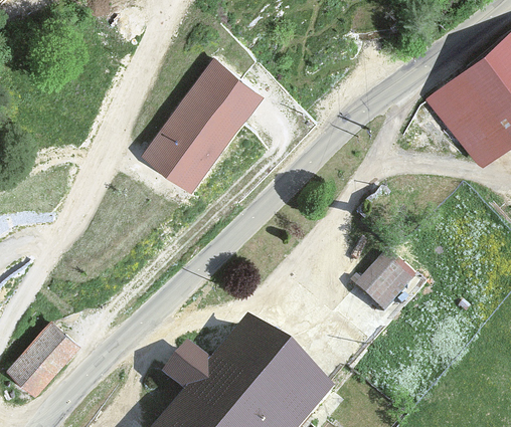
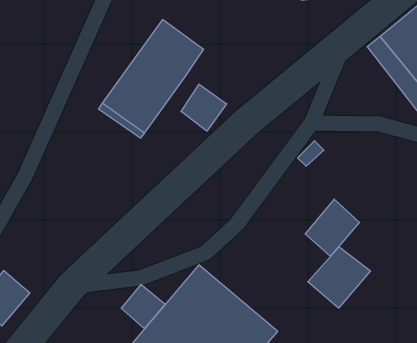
building: none -> [181,84,227,131]
building: none -> [308,247,370,308]

